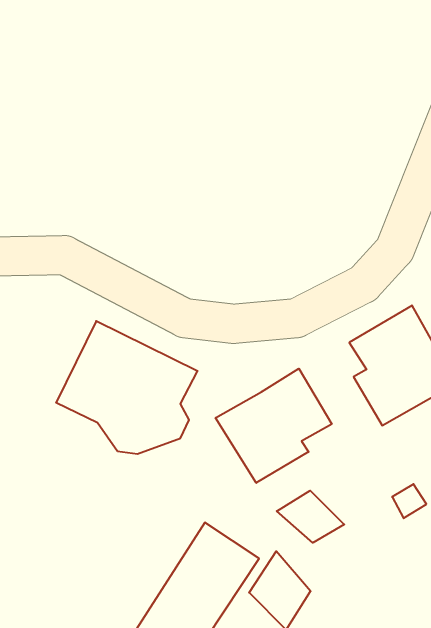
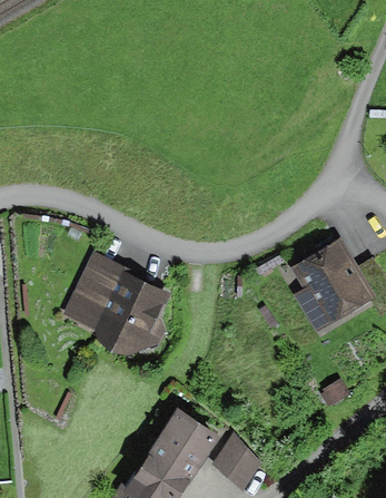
building: [216,369,332,483] -> none
building: [277,491,344,543] -> none

